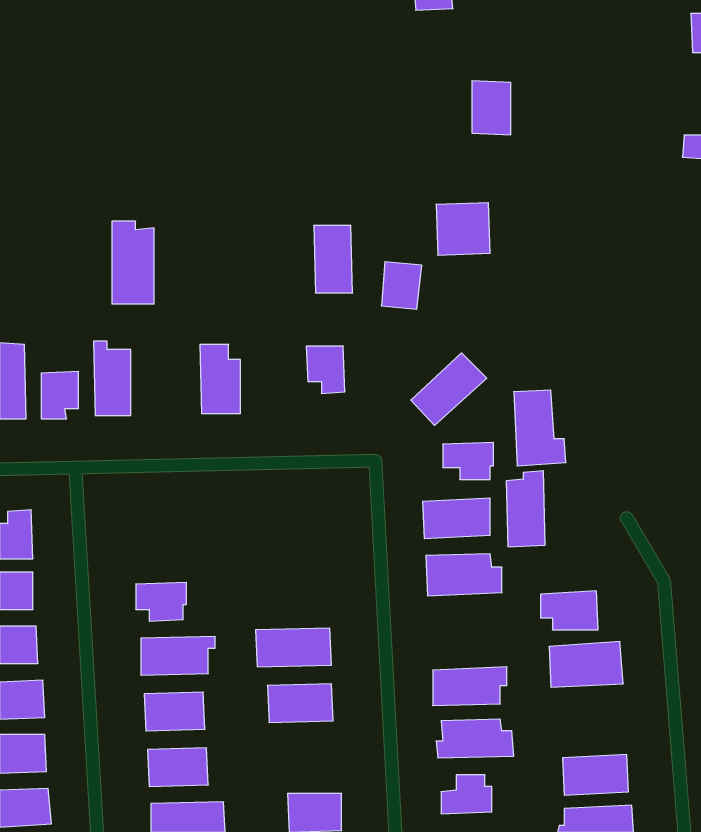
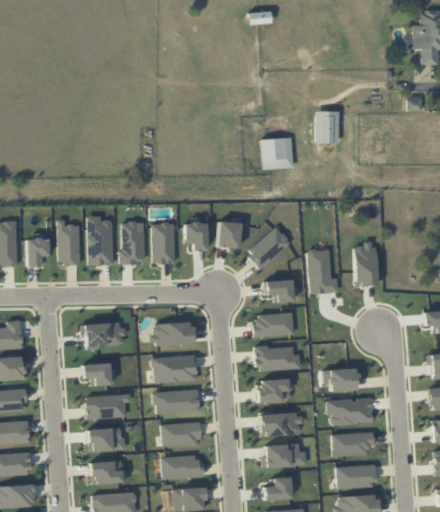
building: [472,81,511,135] -> [315,111,338,143]
building: [112,221,154,304] -> [88,216,113,265]
building: [314,225,353,293] -> [152,223,175,263]
building: [381,262,422,309] -> [217,221,241,249]
building: [506,471,545,547] -> [353,241,376,286]
building: none -> [83,322,123,347]
building: none -> [150,322,193,345]
building: none -> [152,355,197,383]
building: none -> [257,379,292,402]
building: none -> [332,433,372,456]
building: none -> [162,455,201,479]

